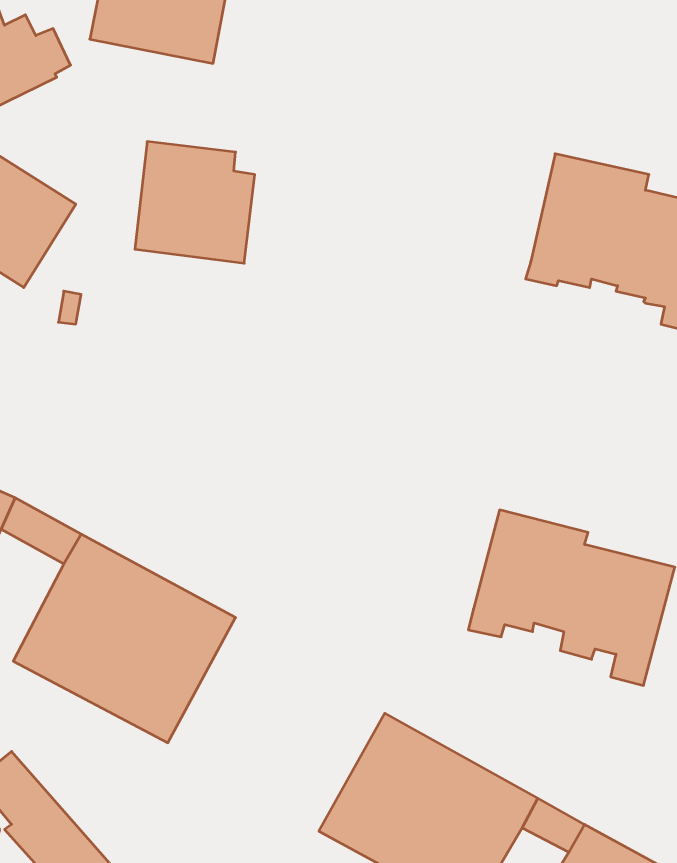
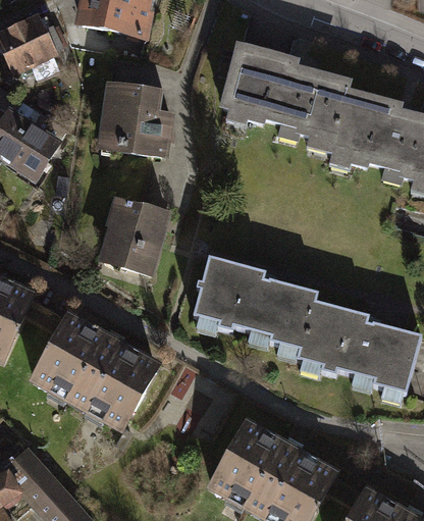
building: none -> [219,46,351,155]
building: none -> [99,198,168,275]
building: none -> [193,256,317,359]

